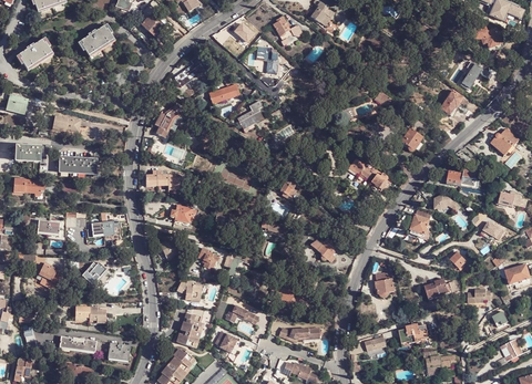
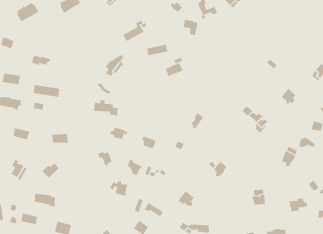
building: [175,311,203,346] -> none

